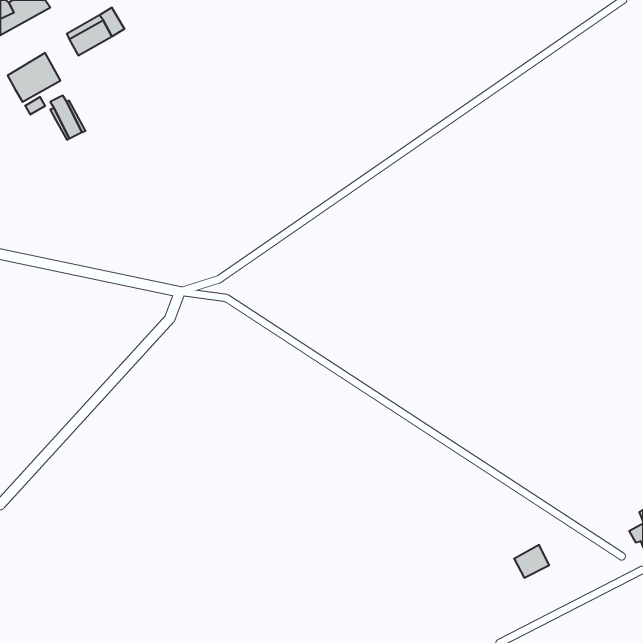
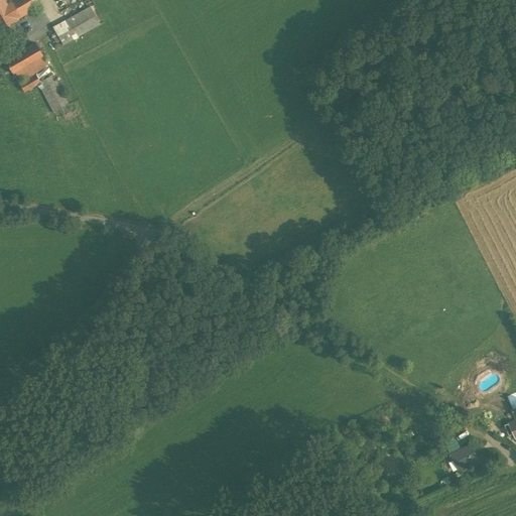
building: [514,545,549,578] -> [449,443,478,470]

